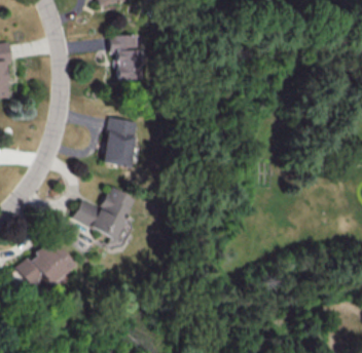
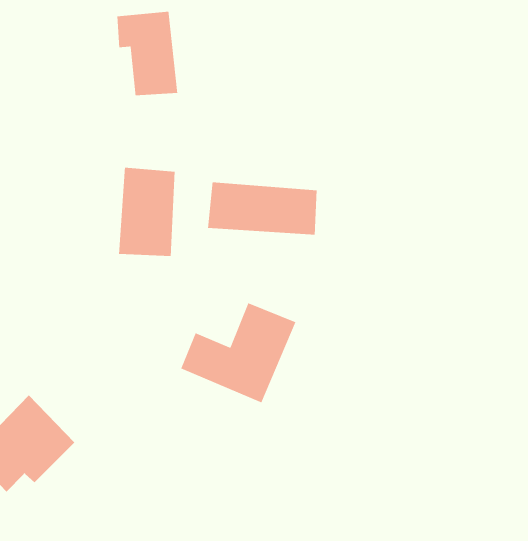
building: none -> [207,181,317,236]
building: [71,185,136,240] -> [180,302,296,403]

